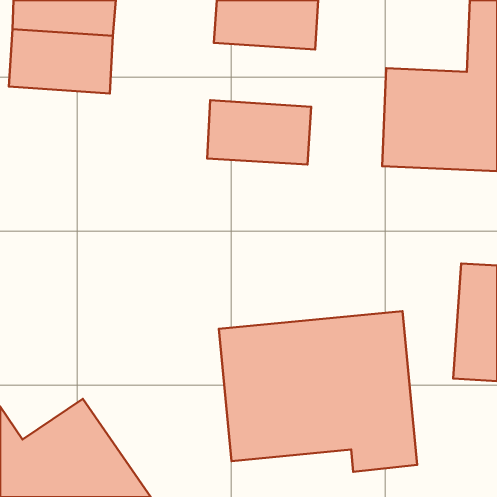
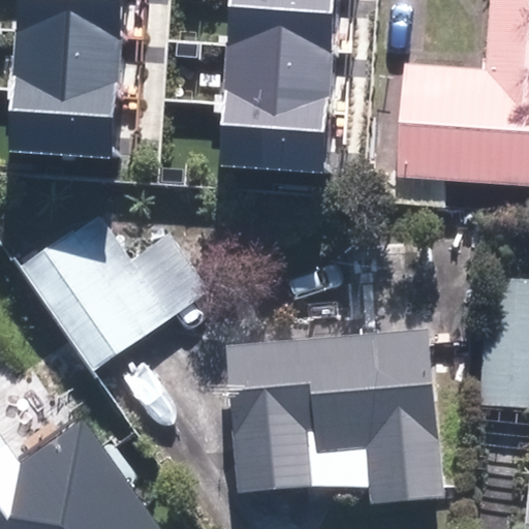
building: none -> [223,45,335,114]
building: none -> [6,92,117,160]
building: none -> [26,221,204,369]

